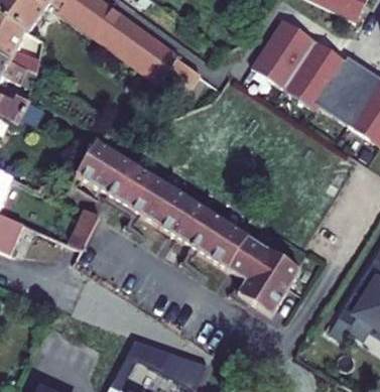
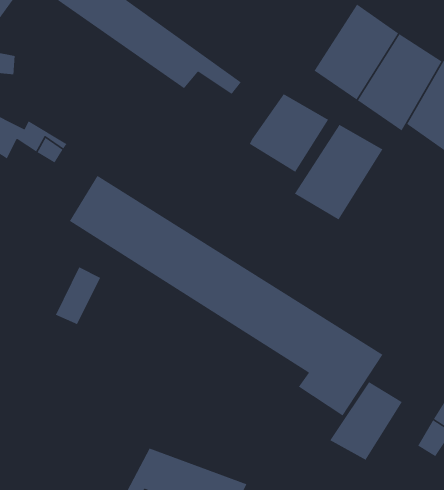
building: none -> [249,93,329,173]
building: none -> [294,124,383,220]
building: none -> [329,381,403,461]

